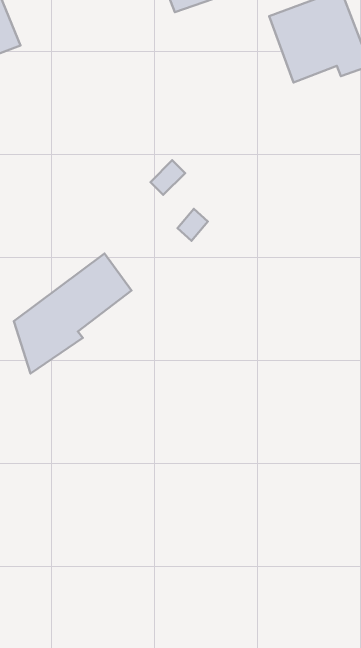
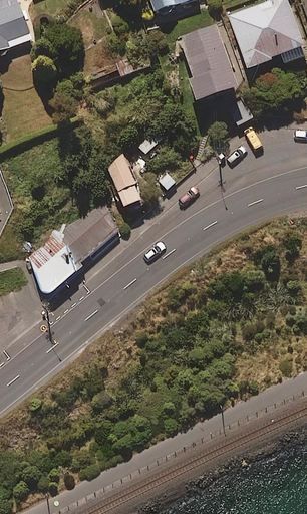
building: none -> [177,23,238,98]
building: none -> [102,154,143,207]

